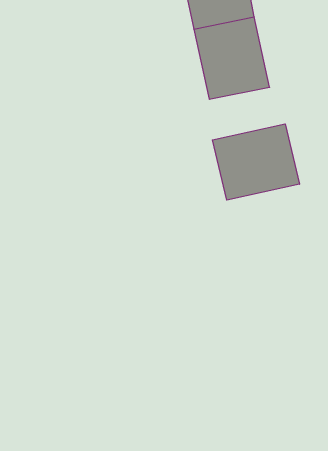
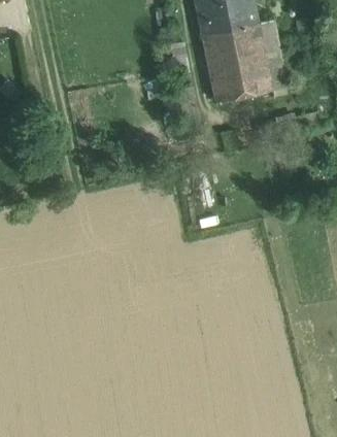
building: [212,124,299,200] -> none

